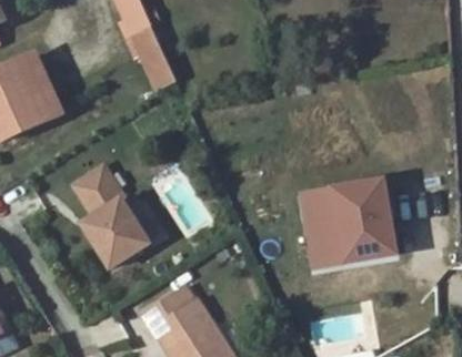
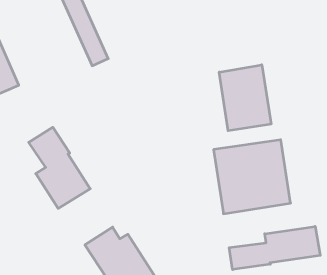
building: none -> [219,65,271,131]
building: none -> [229,226,320,270]

